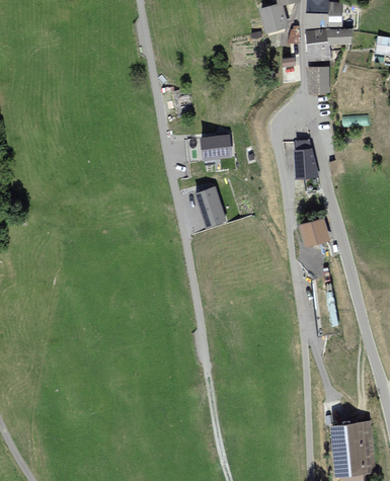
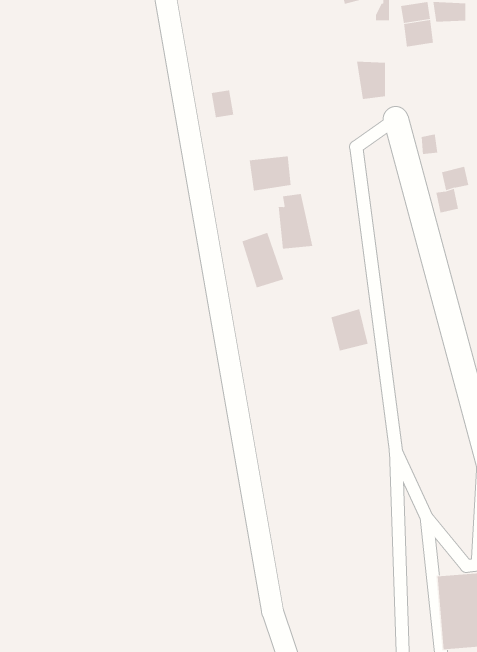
building: [307,67,327,93] -> [356,61,386,99]
building: [292,140,316,178] -> [278,193,313,249]
building: [302,216,328,245] -> [330,308,369,351]

